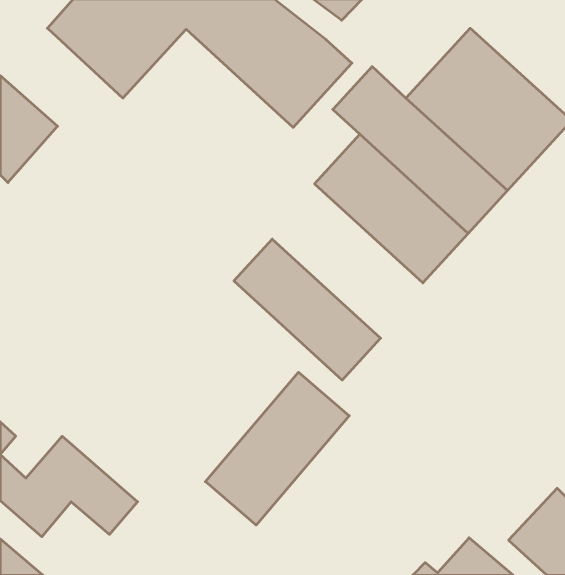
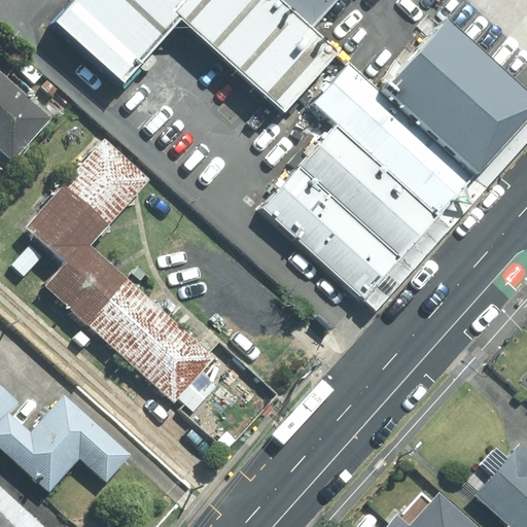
building: none -> [26,140,219,406]
building: [234,239,381,380] -> [262,168,396,296]
building: [205,372,349,525] -> none

